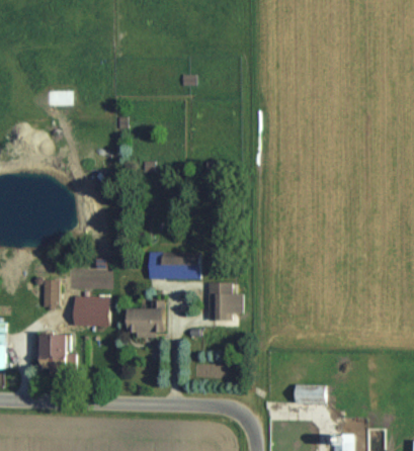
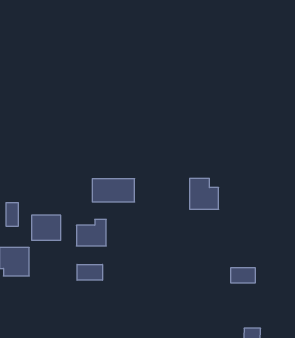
building: [208,283,243,321] -> [190,178,219,209]
building: none -> [77,264,102,280]
building: [296,385,326,403] -> [231,268,255,283]

